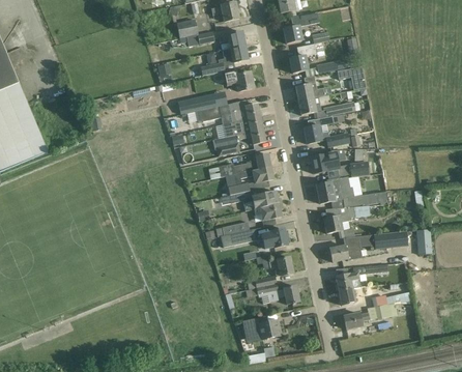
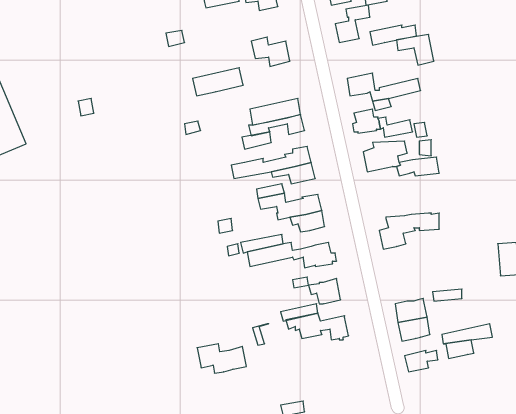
building: [200,45,248,75] -> none
building: [295,76,324,101] -> none
building: [196,103,260,124] -> none
building: [317,177,387,207] -> none
building: [373,230,408,249] -> none
building: [329,236,362,261] -> none
building: [241,317,280,340] -> [197,344,246,373]

